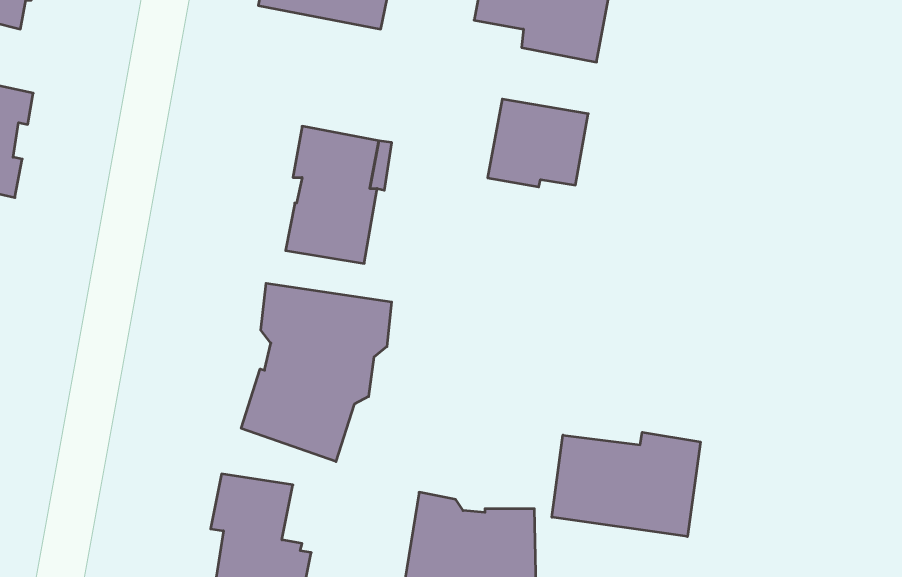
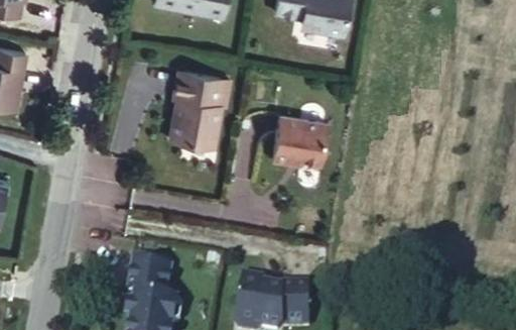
building: [488,99,588,187] -> [268,116,324,164]
building: [241,283,392,462] -> none
building: [552,432,700,537] -> none

